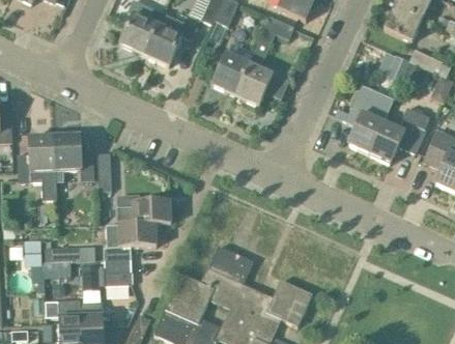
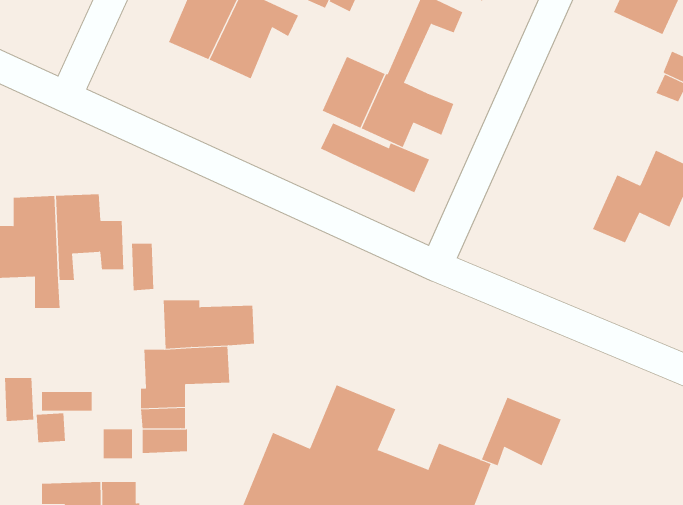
building: [375,51,409,84] -> none
building: [344,88,388,153] -> none
building: none -> [320,122,430,193]
building: none -> [481,397,562,466]

